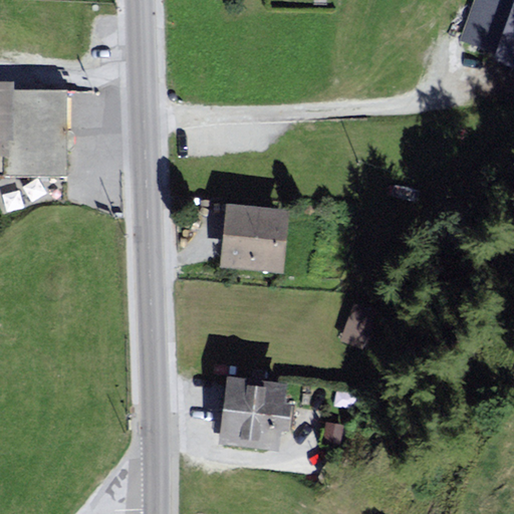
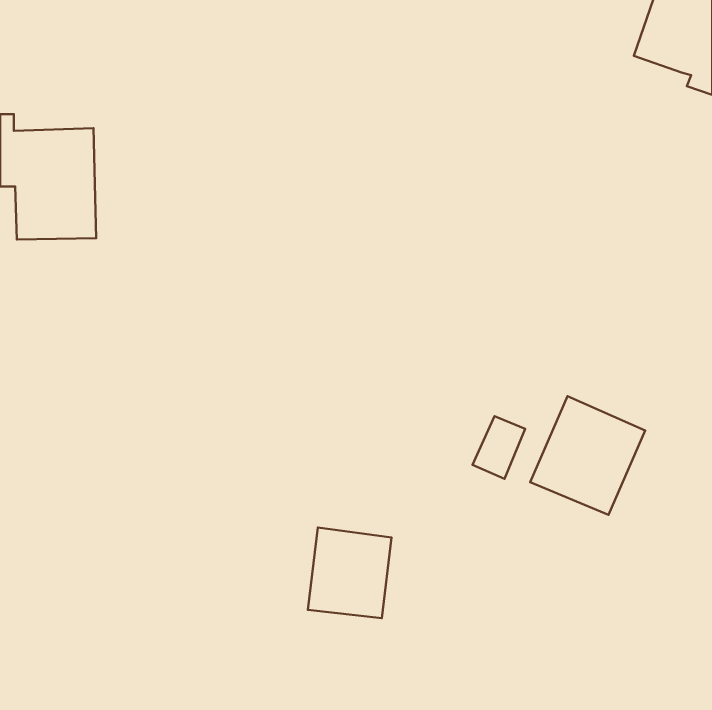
building: [223,206,284,269] -> none
building: none -> [530,396,645,515]

